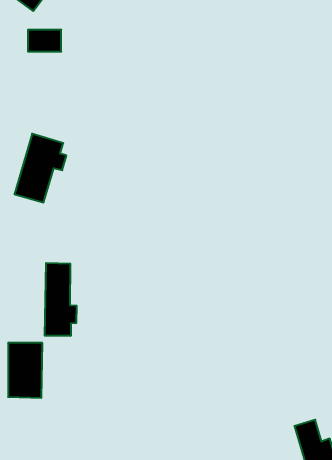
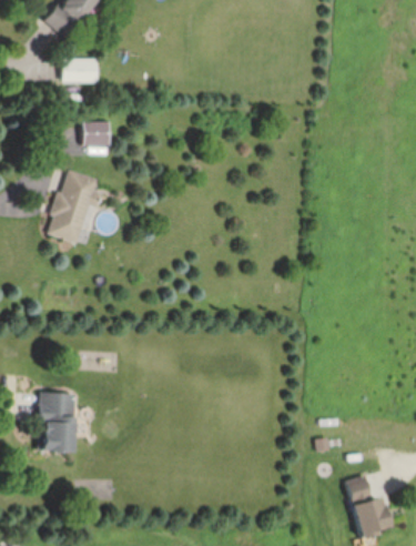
building: none -> [81,121,110,146]
building: [45,263,77,336] -> none

